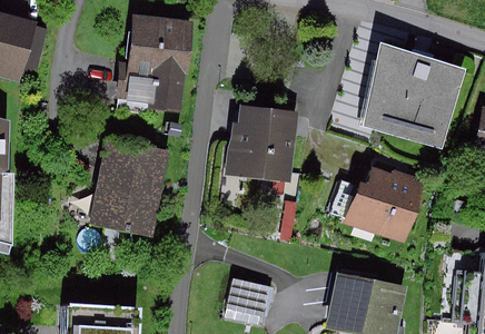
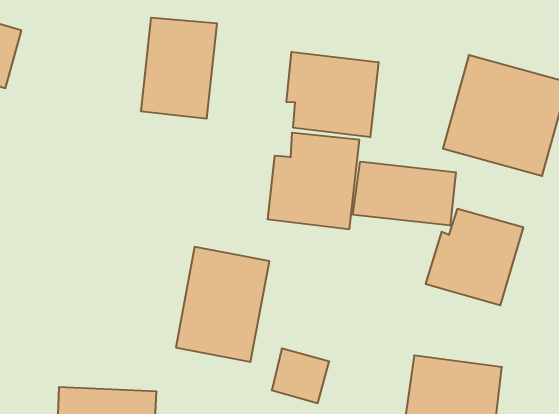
building: none -> [286,52,379,137]
building: none -> [353,162,456,226]
building: [95,139,167,228] -> [176,247,269,362]

